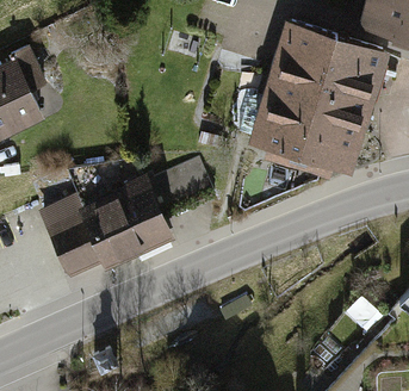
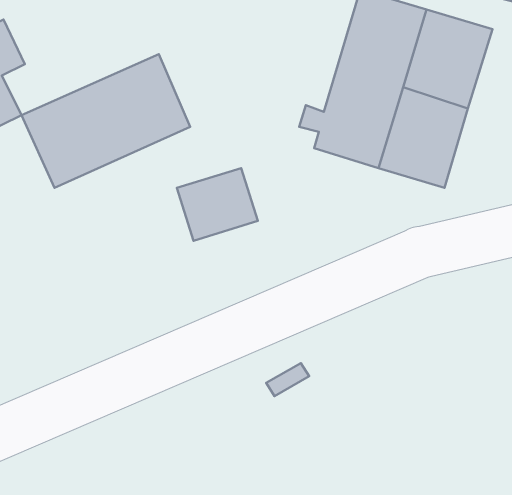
building: [45,178,167,274] -> [22,54,190,188]

